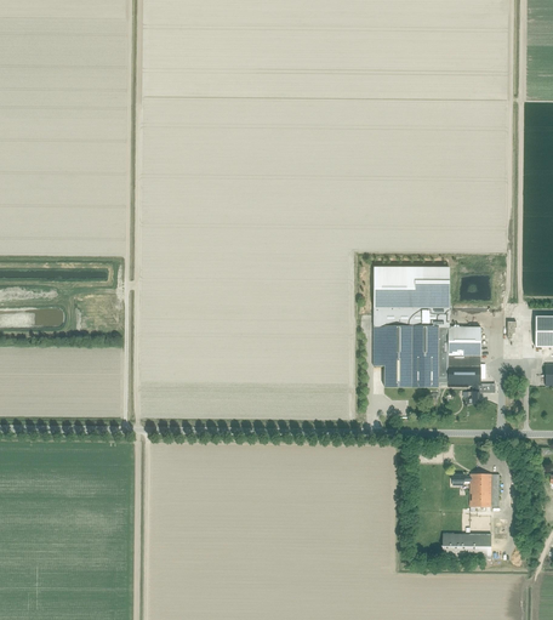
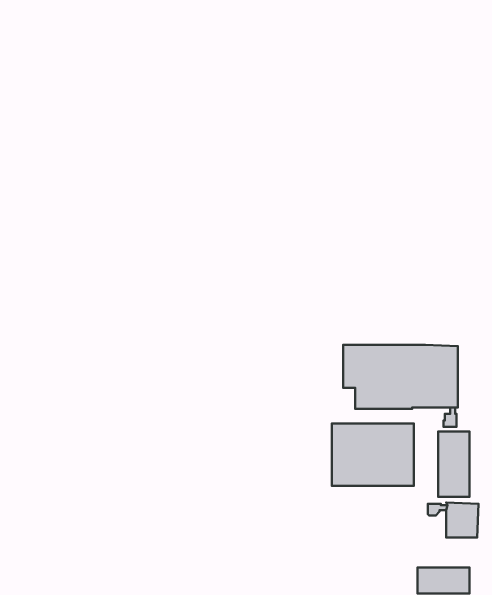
building: [372,267,449,325] -> [332,423,414,486]
building: none -> [438,432,469,497]

